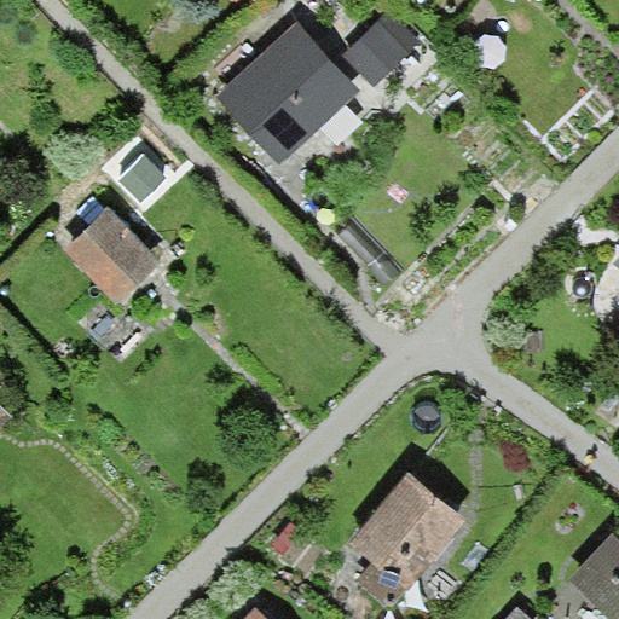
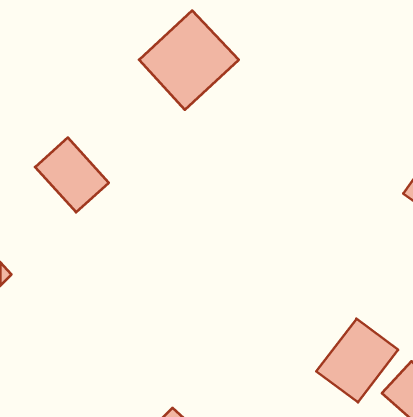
building: [345,474,465,597] -> [316,319,398,402]

